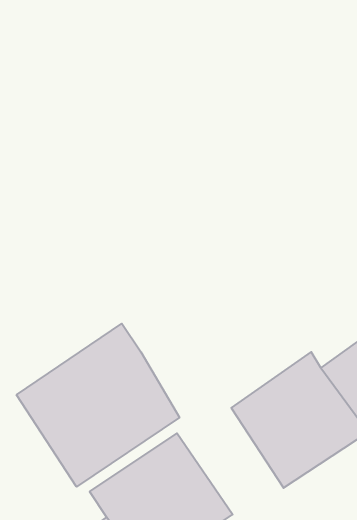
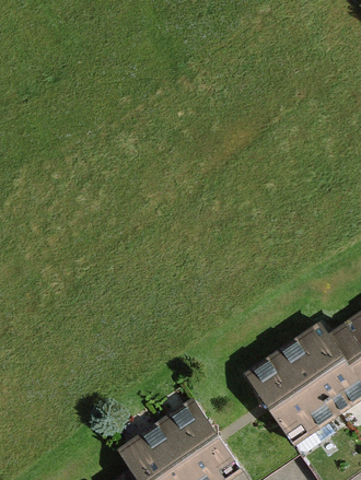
building: [17,324,179,487] -> none

